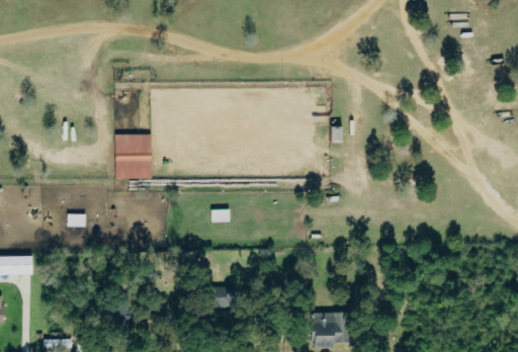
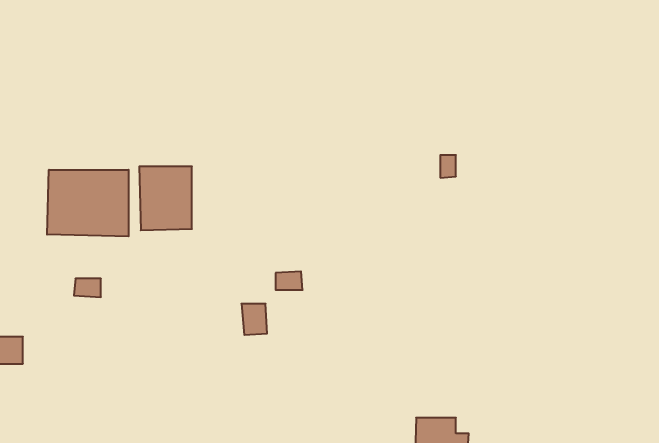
building: none -> [47,170,129,236]
building: [205,287,224,310] -> [241,304,267,335]

